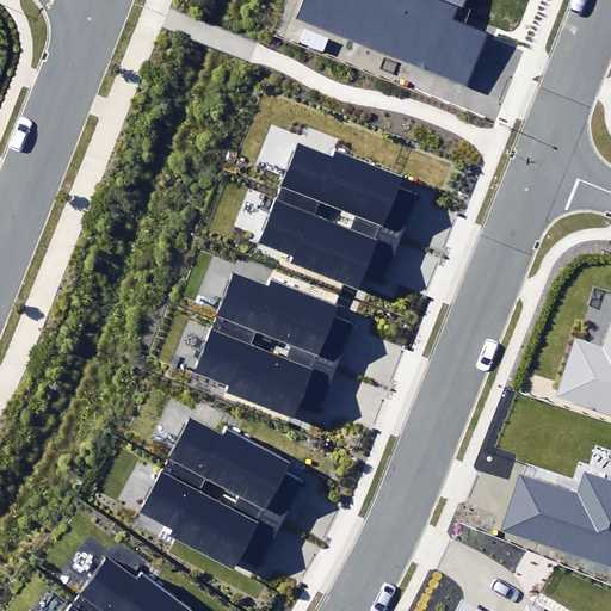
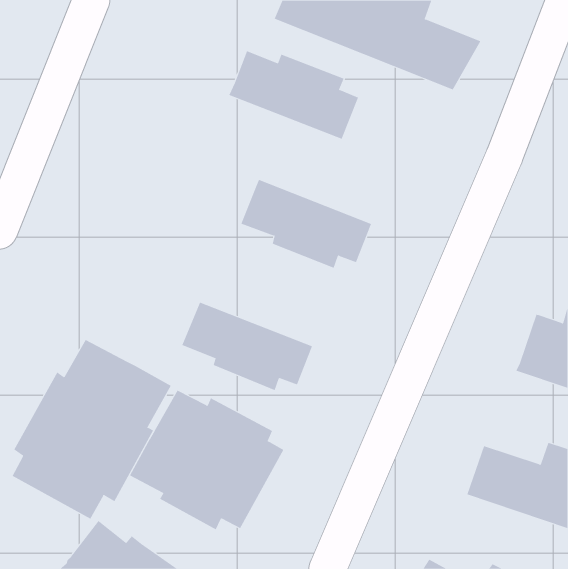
building: [277,144,416,240] -> [229,51,359,140]
building: [214,276,353,371] -> none
building: none -> [12,339,172,519]

